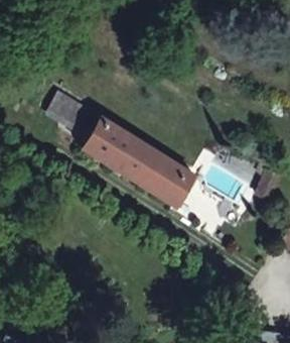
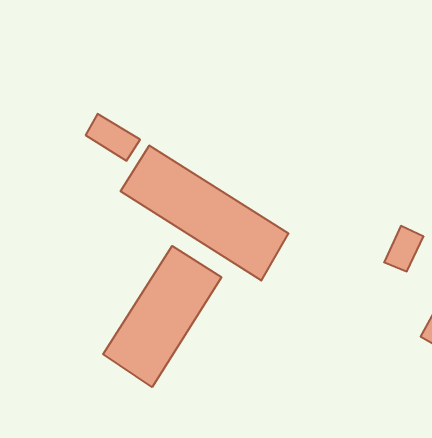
building: none -> [103,246,221,387]

